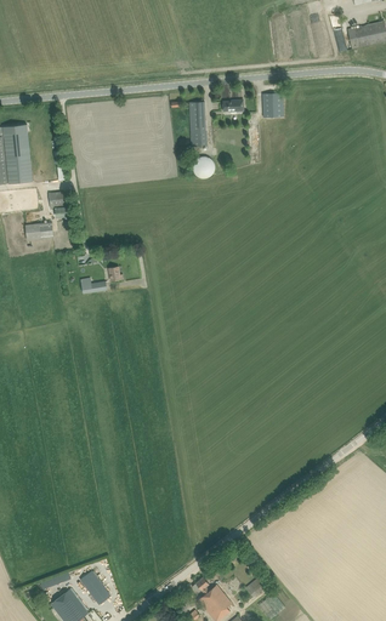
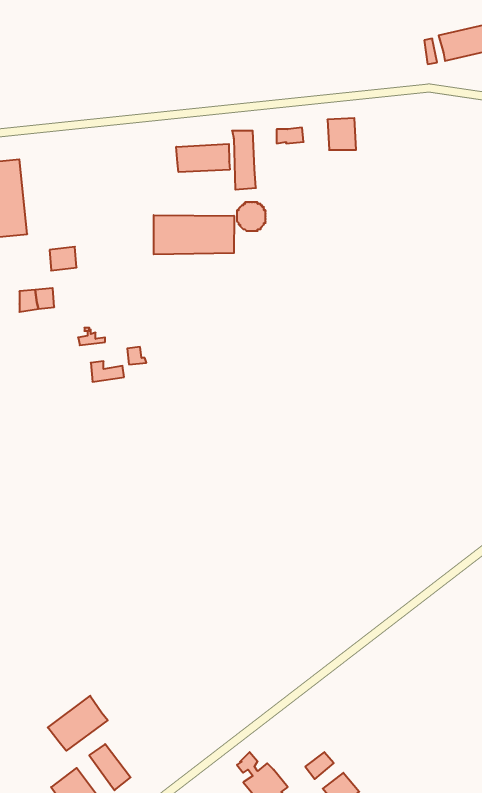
building: none -> [176,144,230,172]
building: none -> [154,215,234,254]
building: none -> [48,696,108,751]

